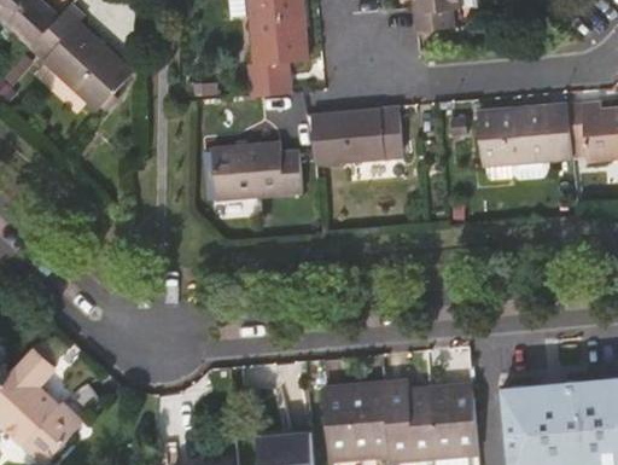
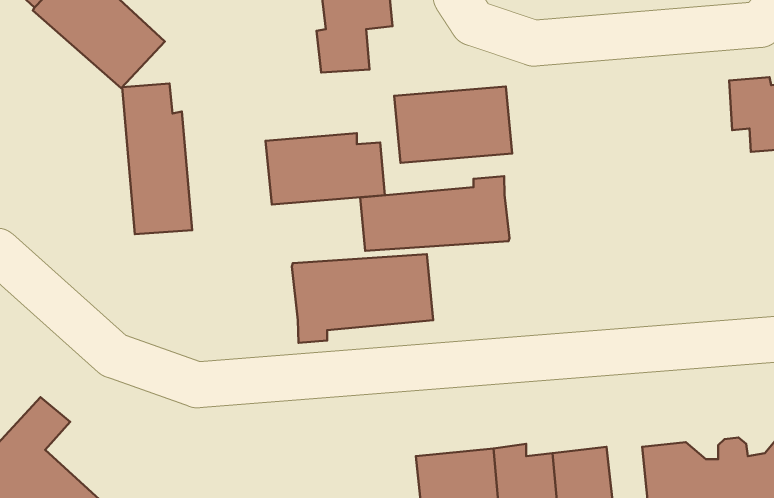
building: [478,101,572,174] -> none
building: none -> [122,83,192,234]
building: none -> [360,176,509,251]
building: none -> [292,254,433,343]

